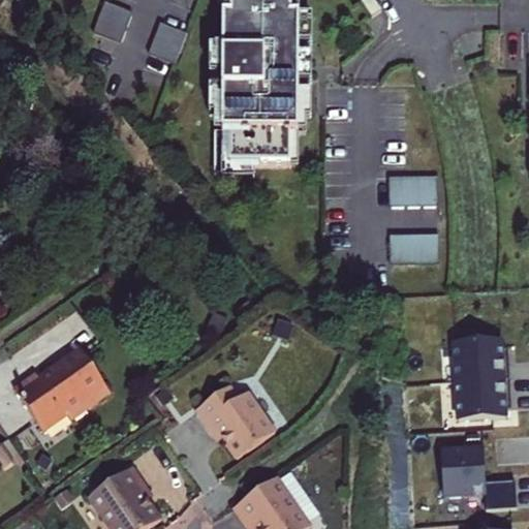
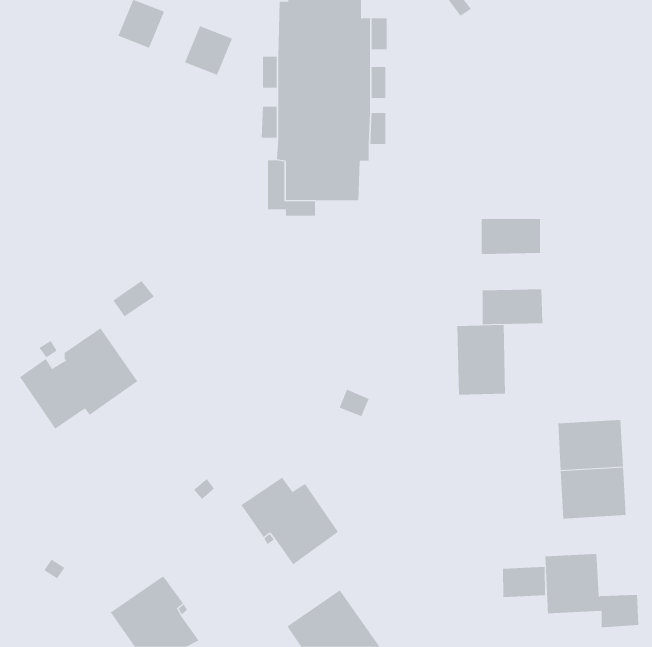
building: none -> [457,324,506,395]
building: [13,347,110,430] -> [19,327,138,430]
building: none -> [503,566,545,598]

